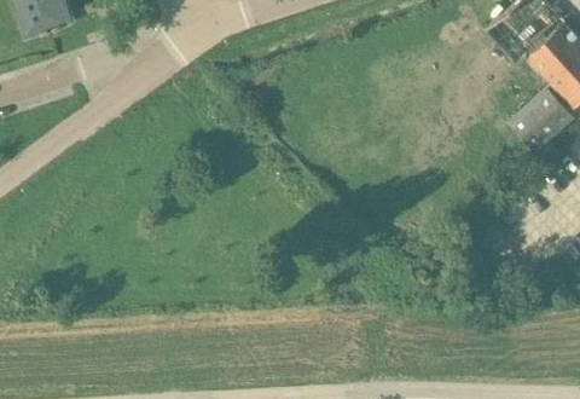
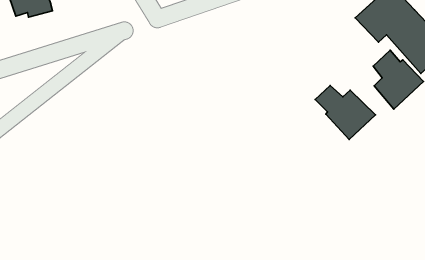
building: none -> [315,85,375,139]

